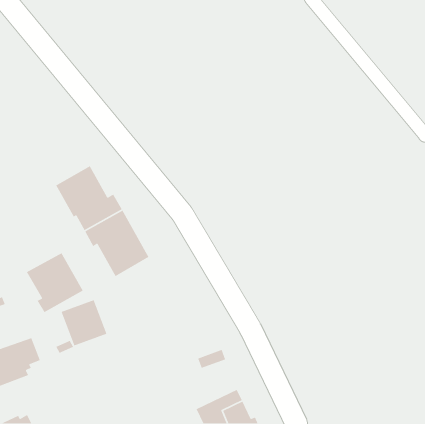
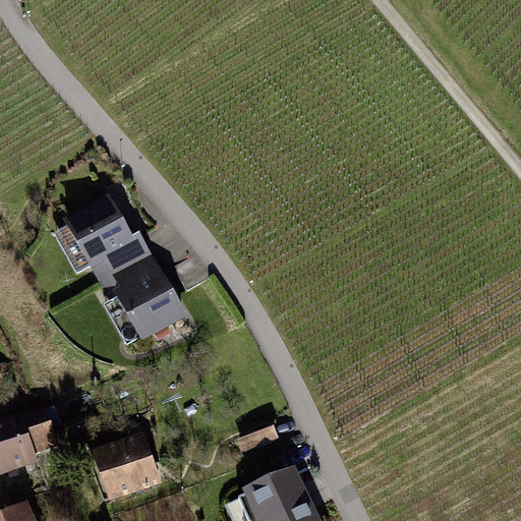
building: [26,252,84,313] -> none
building: [61,299,107,347] -> [101,438,158,496]

